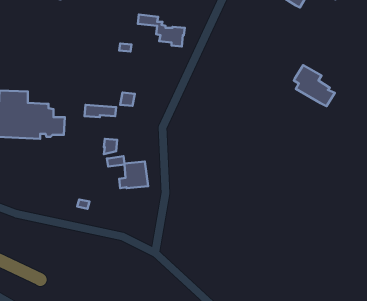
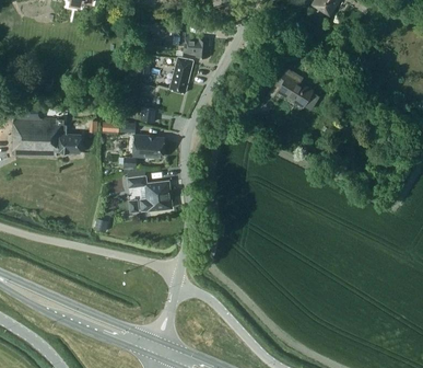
building: none -> [169,57,192,93]
building: [294,65,335,106] -> [274,67,318,111]
building: none -> [132,135,162,156]

